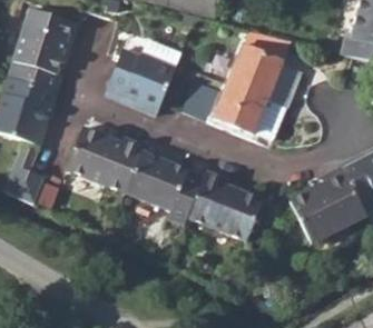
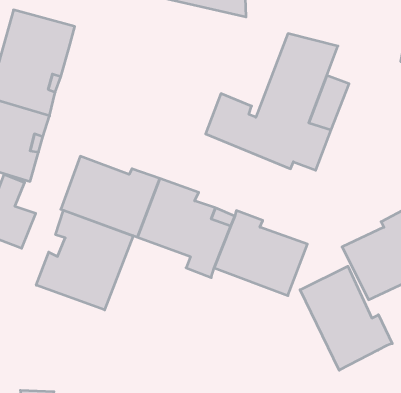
building: [104,42,179,117] -> none
building: none -> [36,210,133,310]
building: none -> [300,266,392,370]

